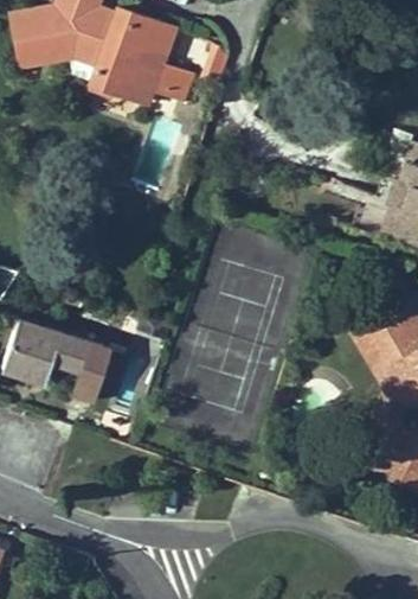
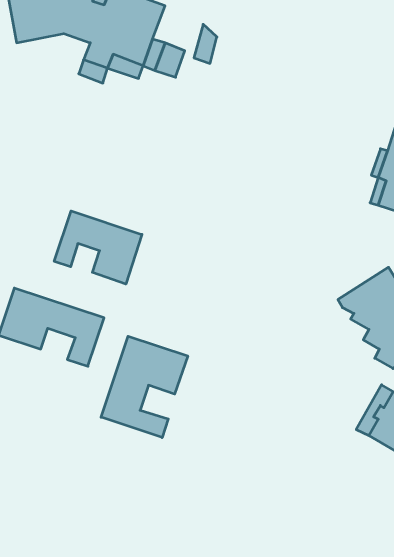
building: none -> [54,211,142,284]
building: none -> [101,336,188,438]

